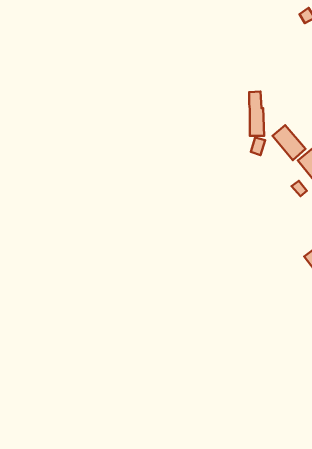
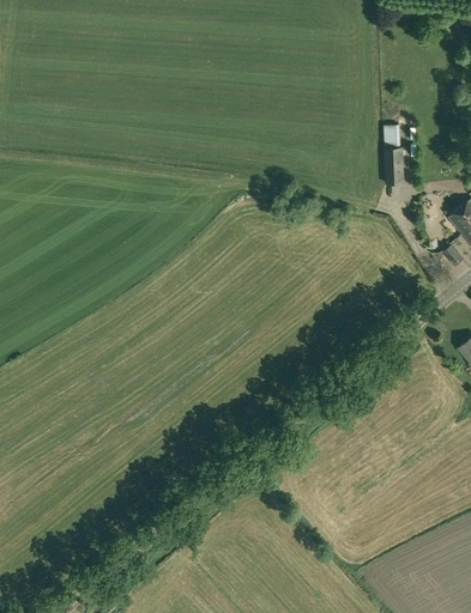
building: [272,125,306,160] -> none

